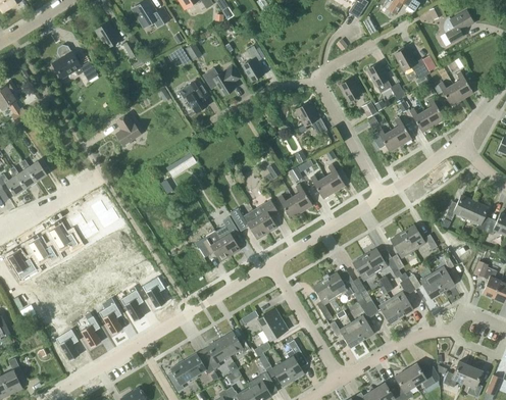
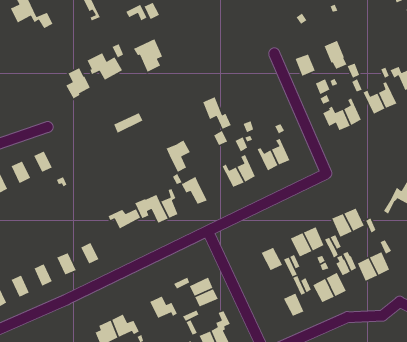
building: [242,46,265,82] -> none
building: [394,47,429,79] -> none
building: [202,66,239,96] -> none
building: none -> [87,52,123,81]
building: [296,102,327,135] -> [202,96,232,130]
building: [253,200,279,234] -> [165,139,191,173]
building: none -> [108,208,141,229]
building: [313,280,336,320] -> none
building: [330,320,362,348] -> none
building: [206,339,230,369] -> none

